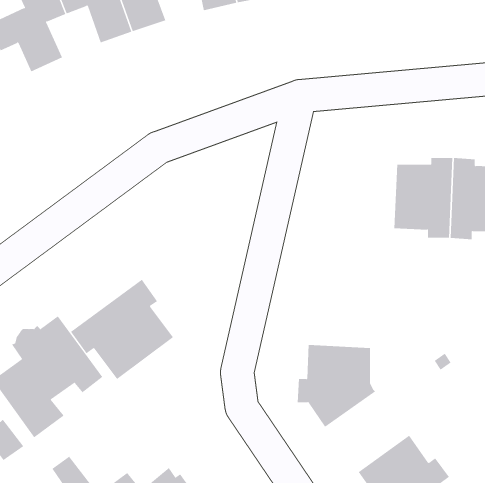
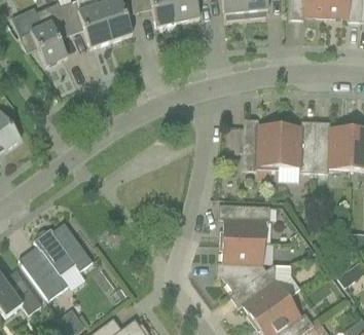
building: none -> [242,118,280,170]
building: [70,279,174,380] -> none
building: none -> [219,203,270,241]
building: none -> [229,264,288,321]

